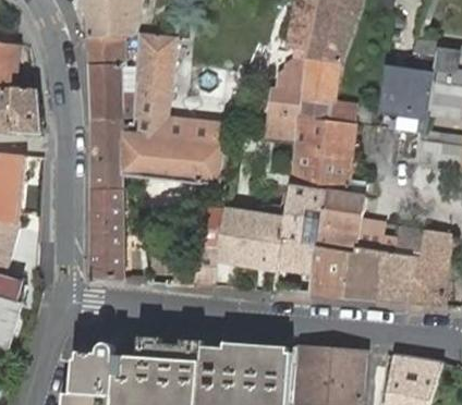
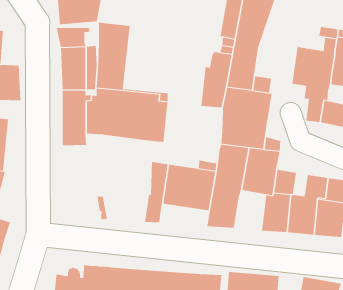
building: [90,188,123,280] -> none
building: [307,254,345,296] -> none

